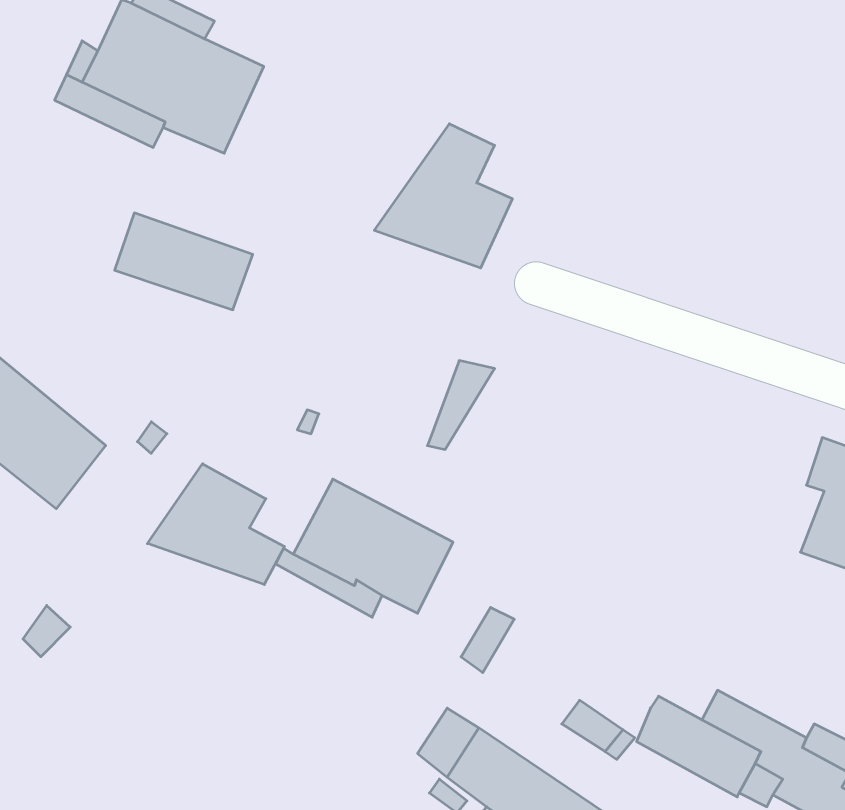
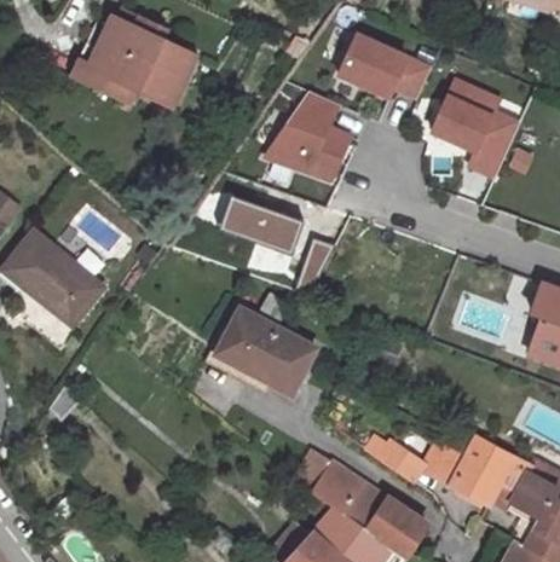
building: none -> [340,36,431,98]
building: none -> [432,80,519,176]
building: [115,213,253,310] -> [223,193,307,253]
building: [147,464,284,585] -> none

